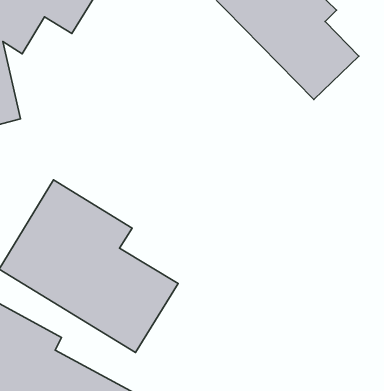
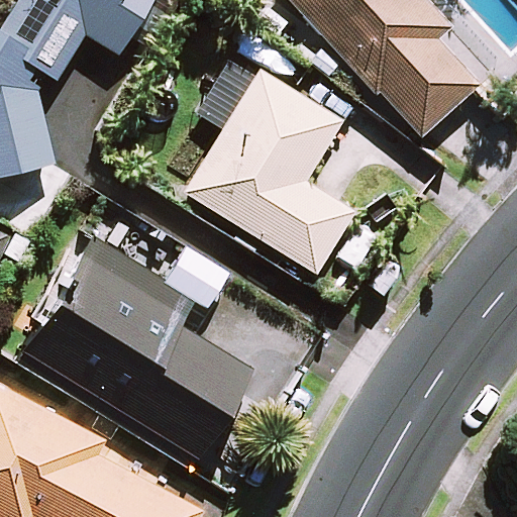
building: none -> [185,71,352,272]

